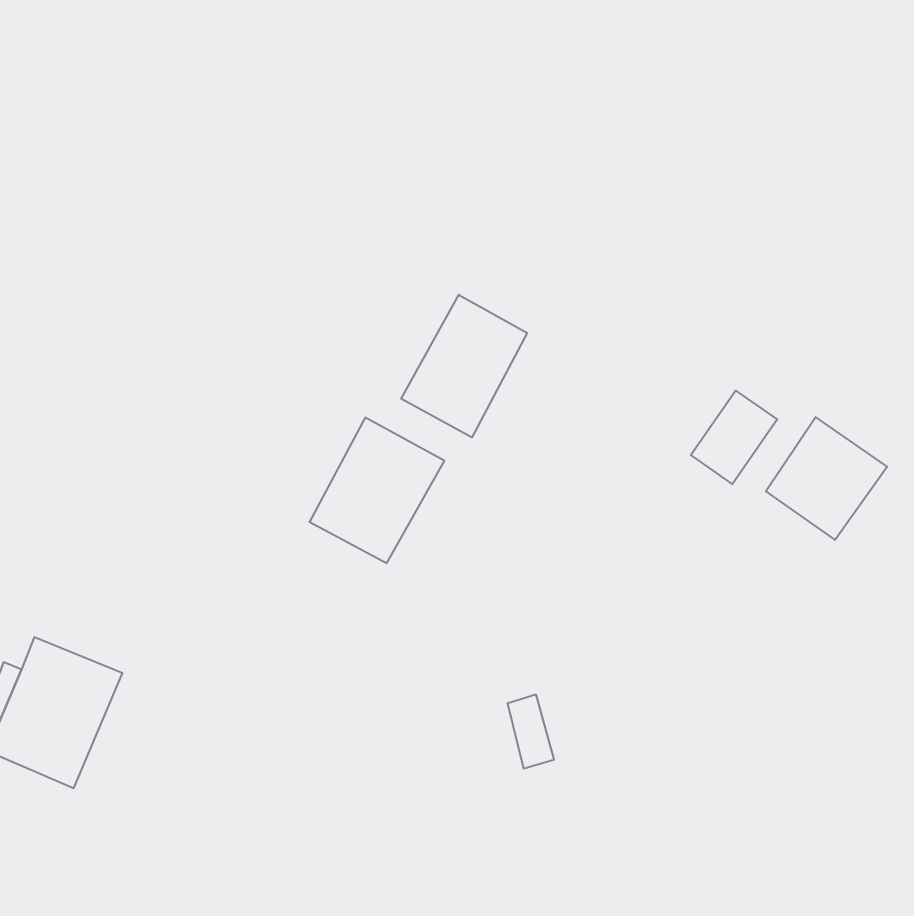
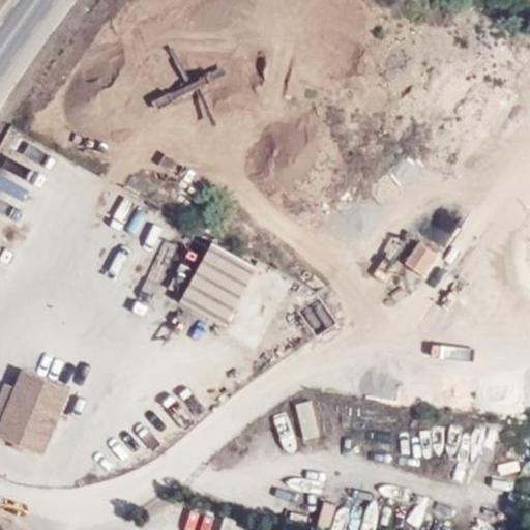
building: [401,295,527,437] -> none
building: [766,417,887,540] -> none

